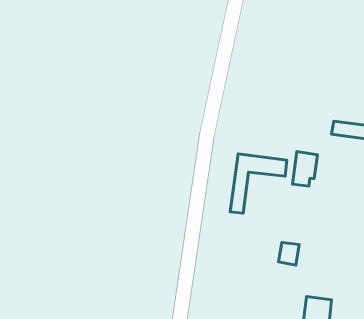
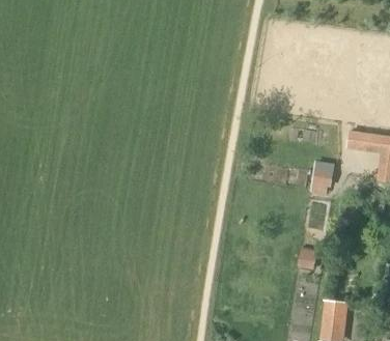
building: [230,154,287,213] -> none

